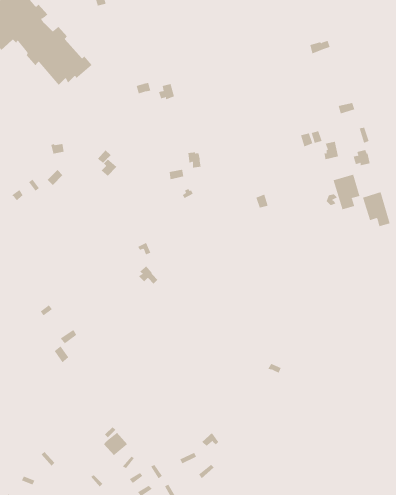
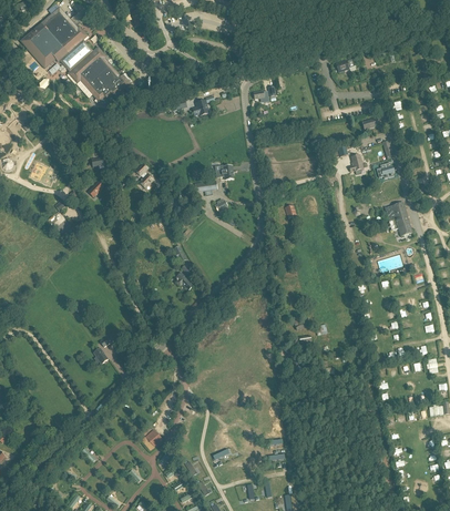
building: [333,174,360,210] -> none

